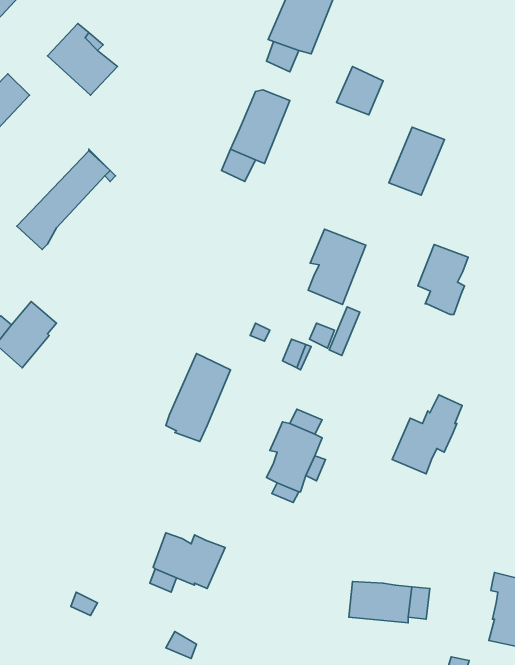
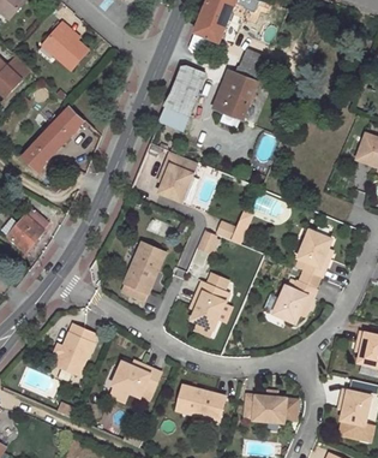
building: [389,127,445,195] -> [220,73,257,119]
building: [308,229,366,304] -> [158,151,197,202]
building: [418,245,468,315] -> [298,230,331,276]
building: none -> [54,323,96,374]
building: none -> [176,385,226,421]

